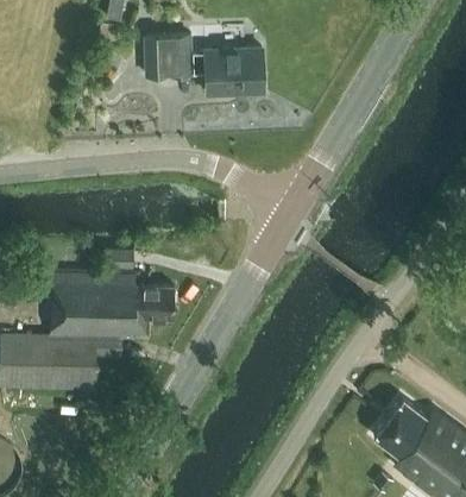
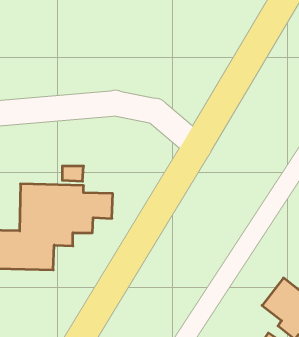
building: [144,36,265,95] -> none

